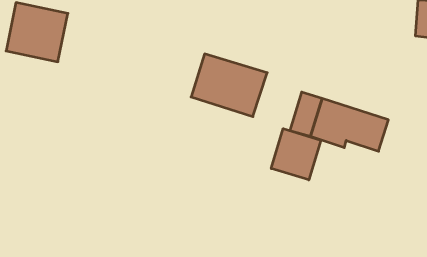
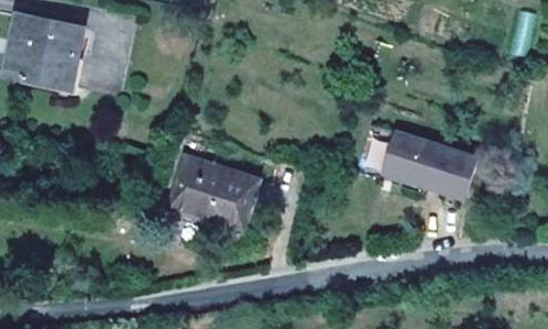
building: [191,54,267,117] -> [168,154,262,231]
building: [271,129,321,180] -> none

